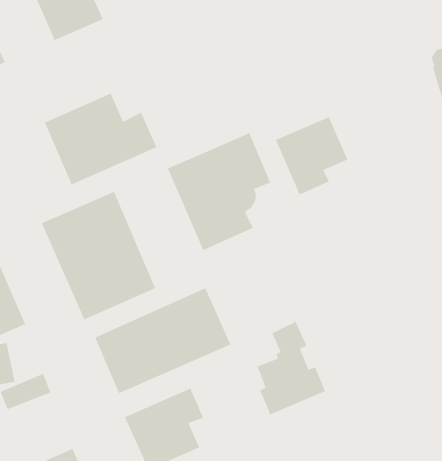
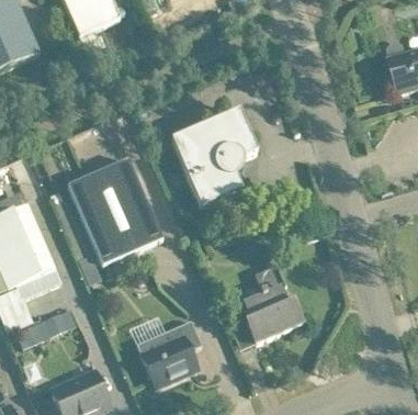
building: [44,93,158,185] -> none
building: [275,116,348,196] -> none
building: [94,287,231,394] -> none

